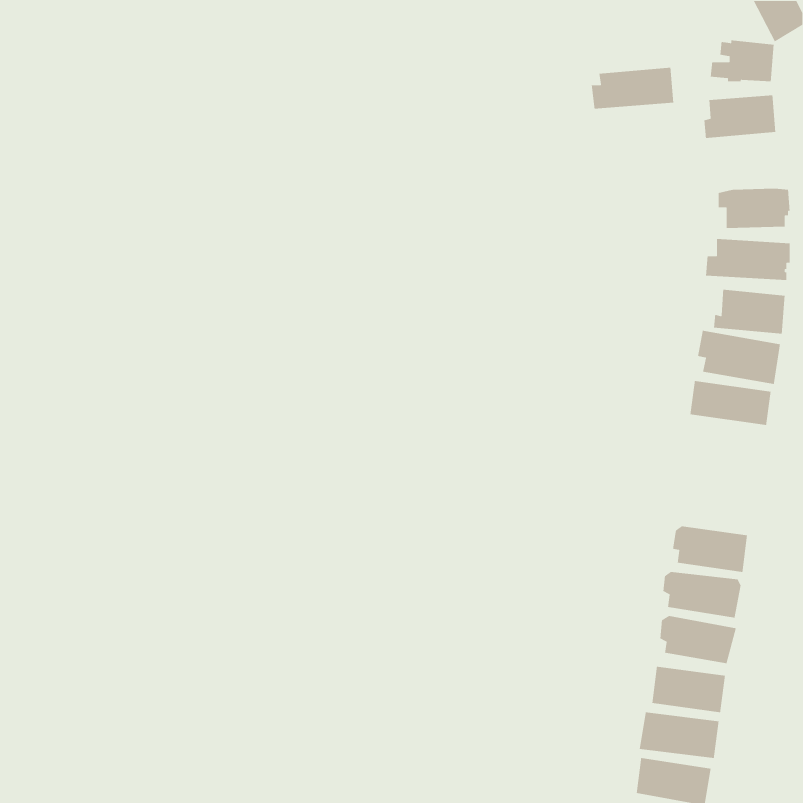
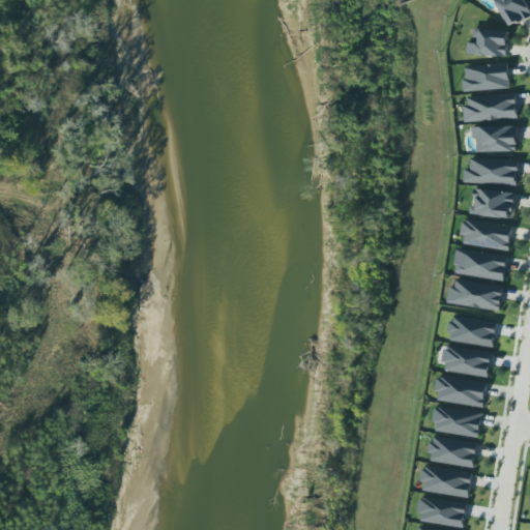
building: [591,67,674,110] -> [462,94,517,122]
building: none -> [446,279,502,311]
building: none -> [447,318,497,350]

